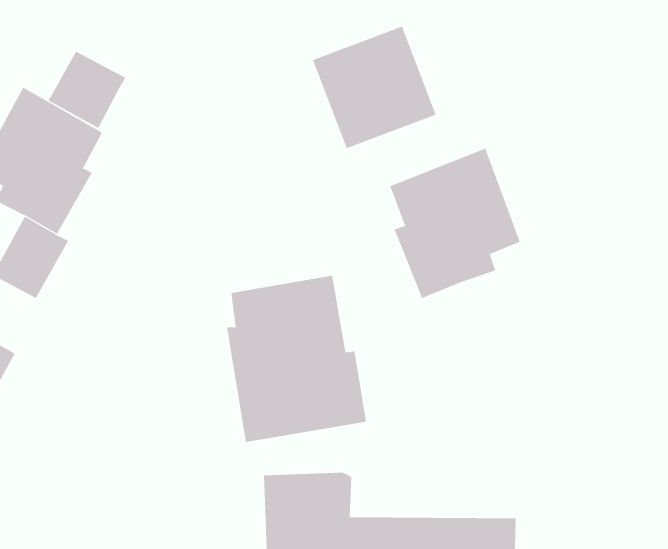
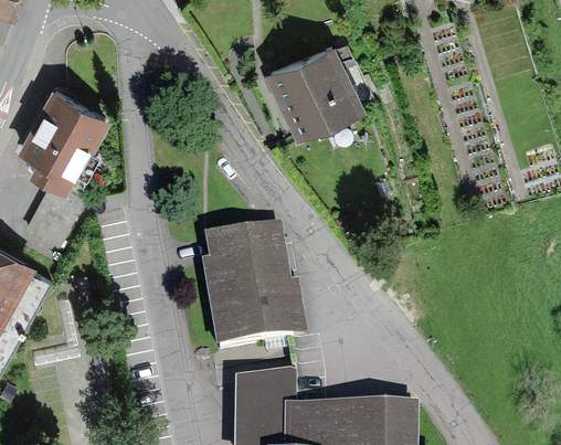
building: [48,51,126,129] -> none
building: [390,148,521,299] -> none

